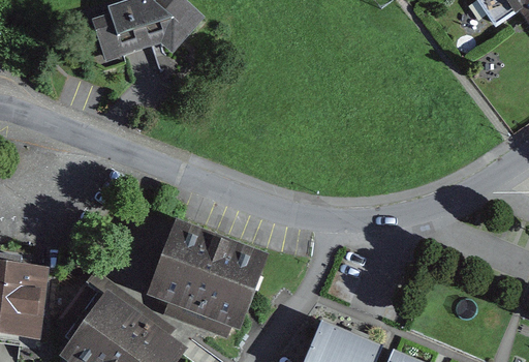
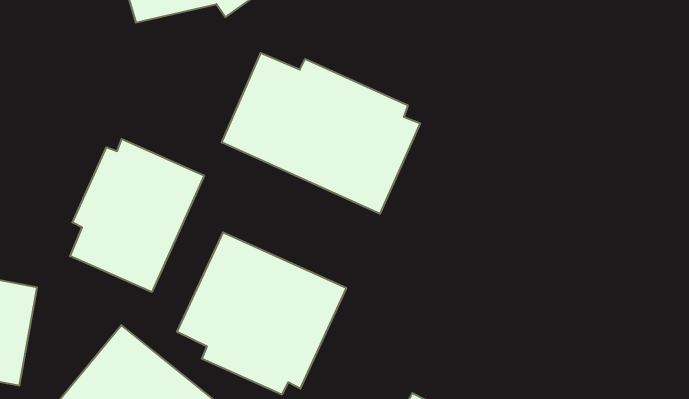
building: none -> [222,53,420,214]
building: none -> [70,139,204,292]

